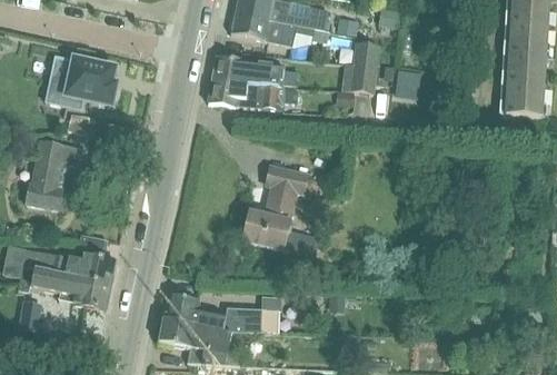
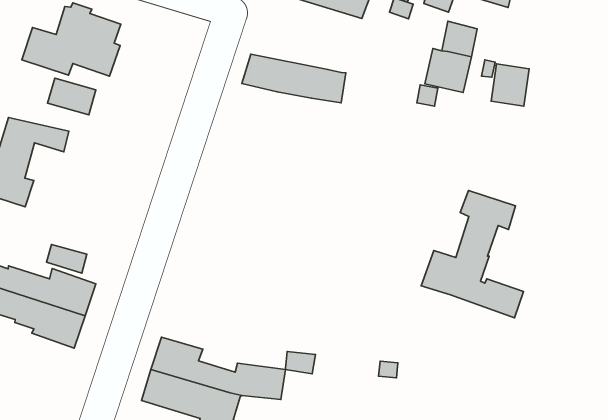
building: [213,58,284,87] -> none
building: [243,167,319,257] -> [421,191,523,318]

